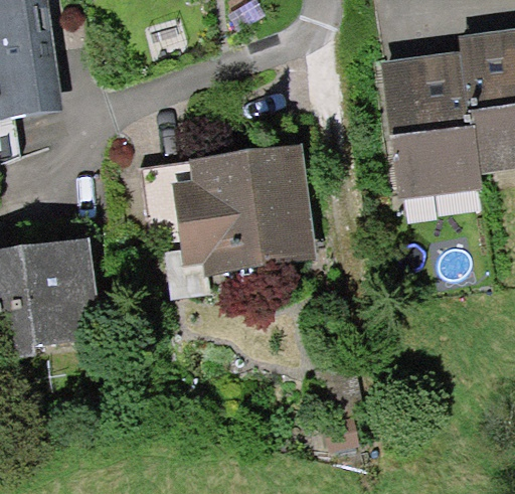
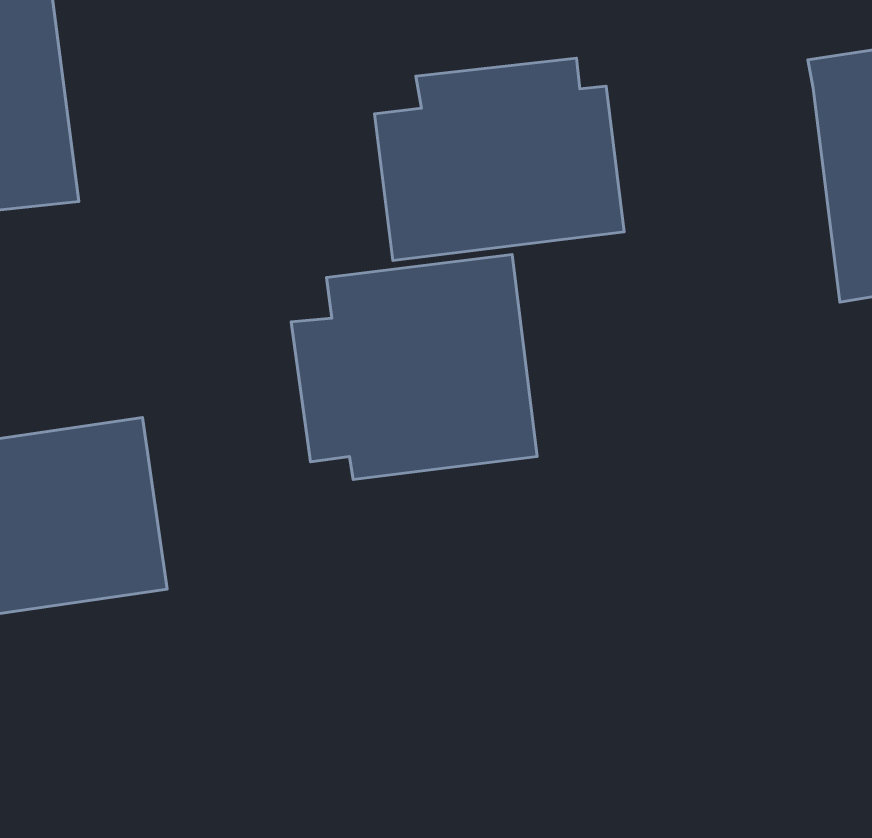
building: none -> [375,58,624,261]
building: [383,50,483,197] -> none

